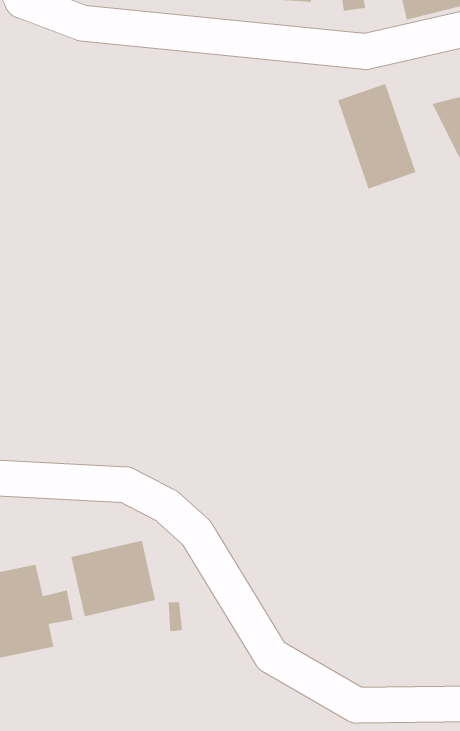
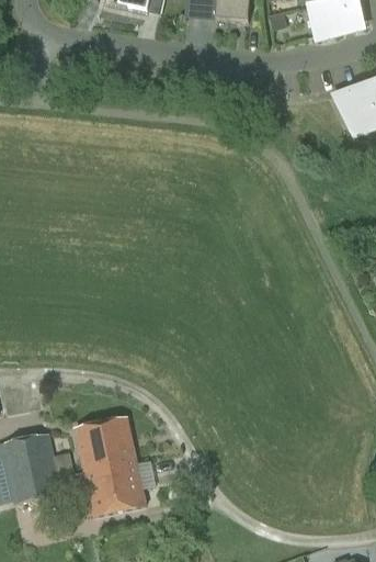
building: [337,83,416,189] -> none
building: none -> [80,459,144,516]

